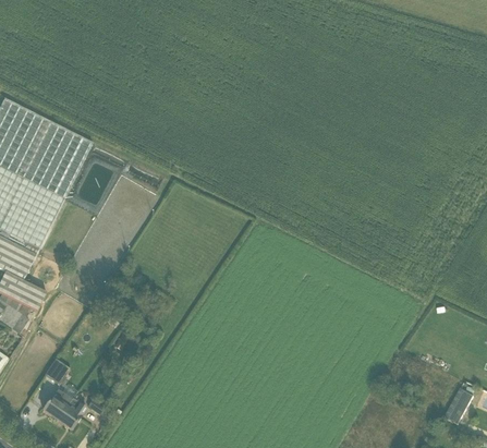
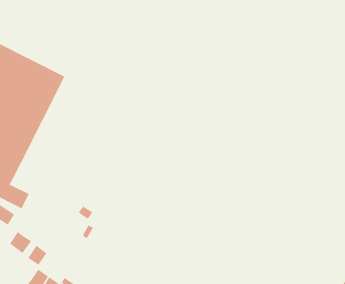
building: none -> [9,231,32,254]

